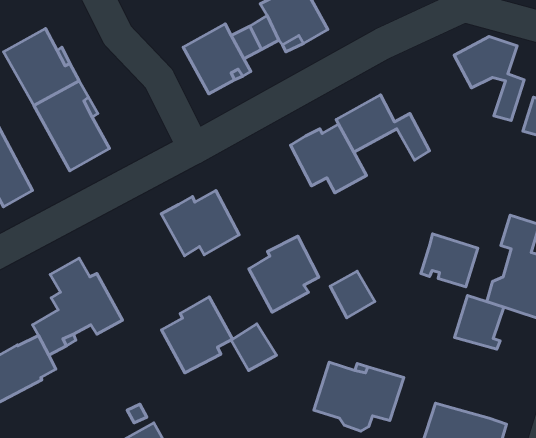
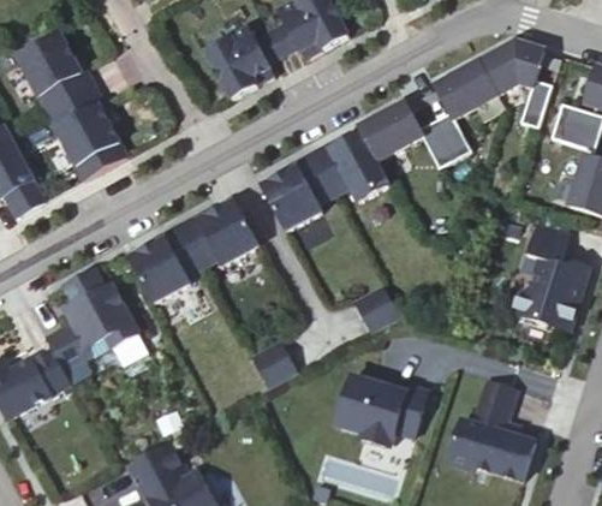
building: none -> [434,60,497,159]
building: [421,234,478,287] -> none
building: [249,236,319,312] -> [261,153,333,231]
building: [455,295,504,349] -> [472,379,523,434]
building: [161,297,233,373] -> [129,224,202,302]

